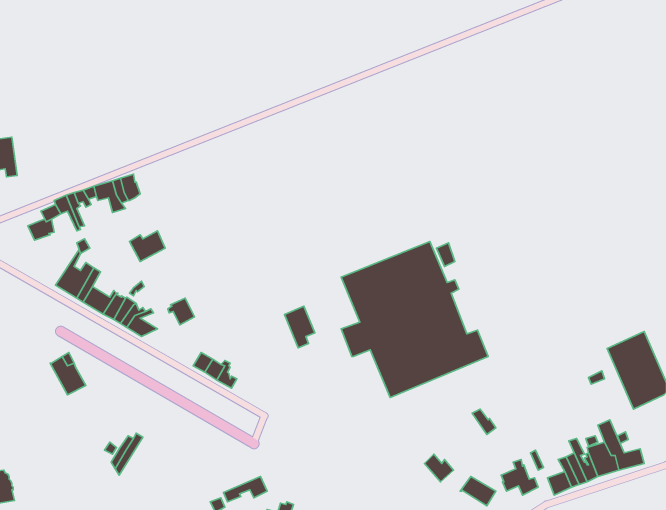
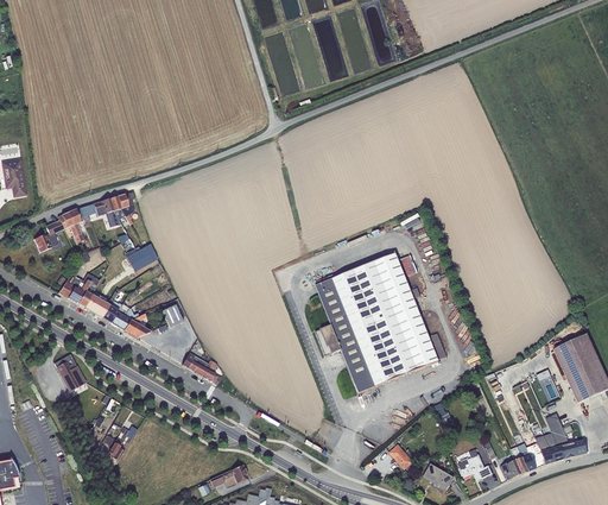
building: [284,306,315,348] -> none

